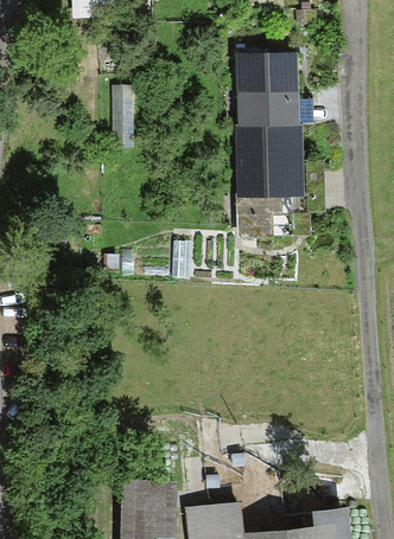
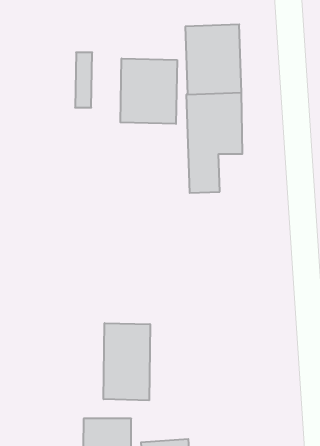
building: none -> [120,58,177,124]
building: none -> [104,323,150,400]

